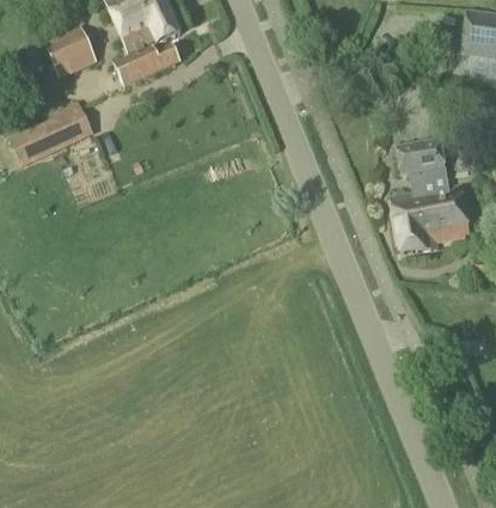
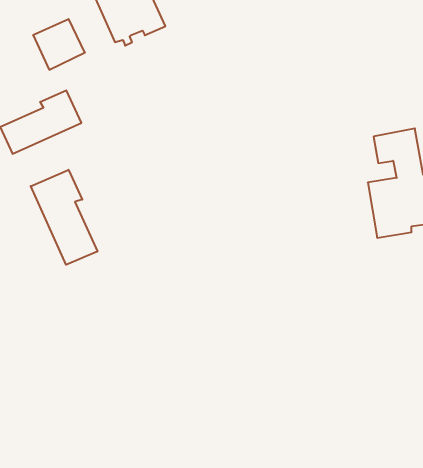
building: [114,44,180,87] -> none
building: none -> [31,170,97,265]

